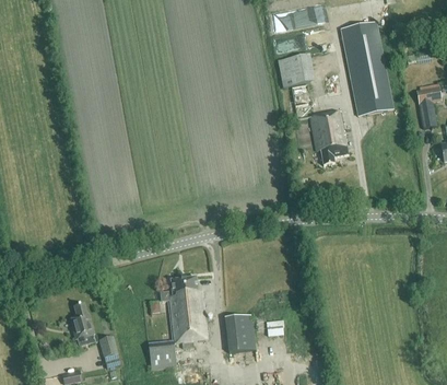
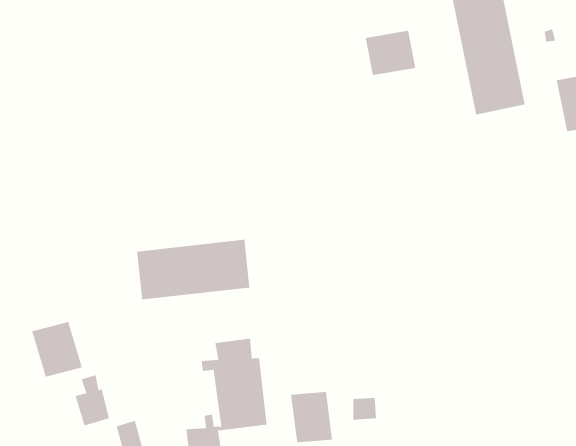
building: [292,83,349,163] -> none
building: none -> [137,239,250,300]
building: none -> [31,321,82,378]

